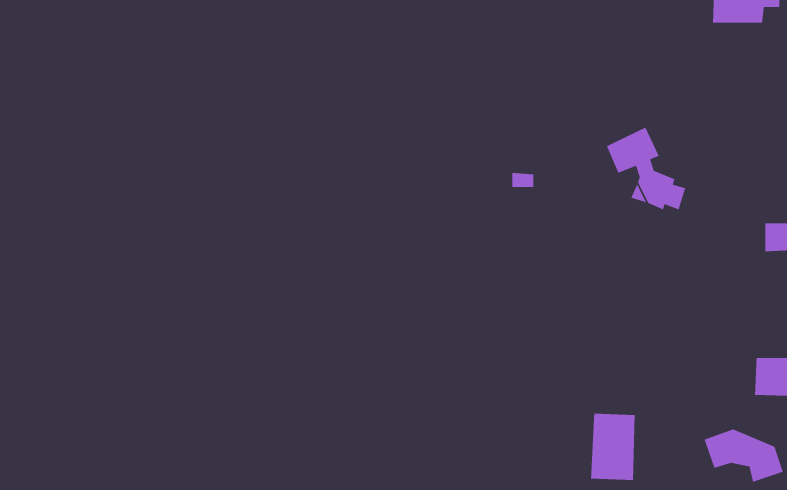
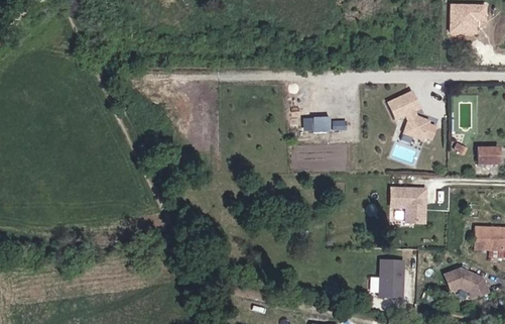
building: none -> [303,115,330,129]
building: none -> [385,190,422,223]

